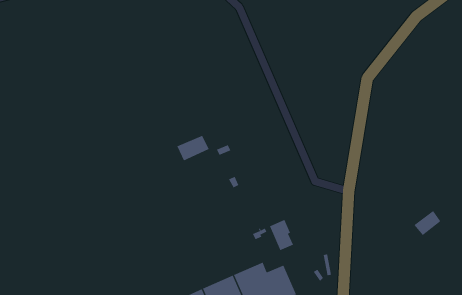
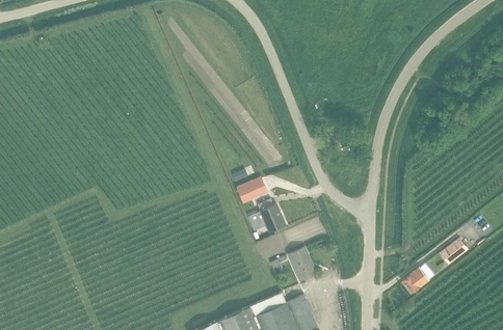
building: [177,135,209,161] -> [238,176,272,203]
building: none -> [257,198,285,231]
building: none -> [401,267,429,294]

